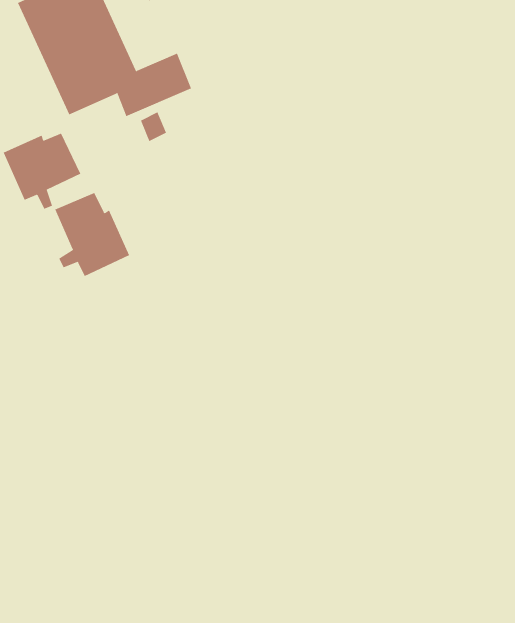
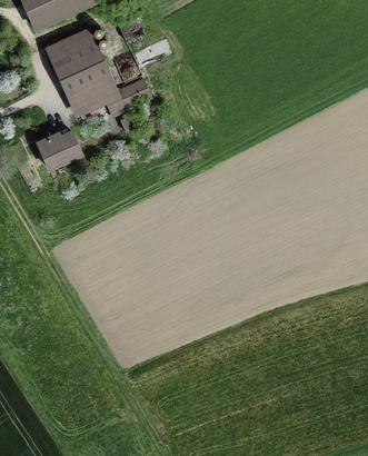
building: [54,192,130,277] -> none

